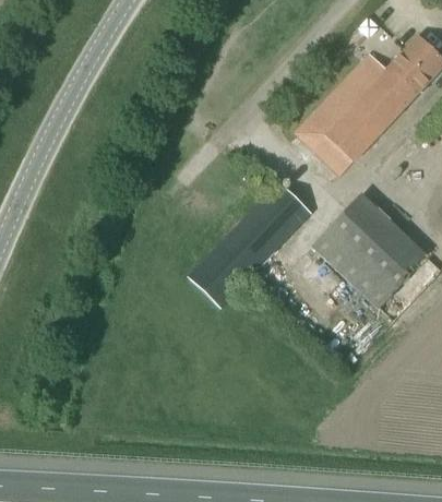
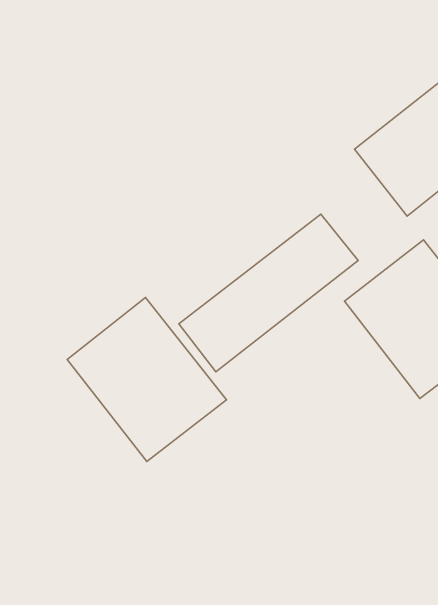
building: none -> [67,298,227,461]

